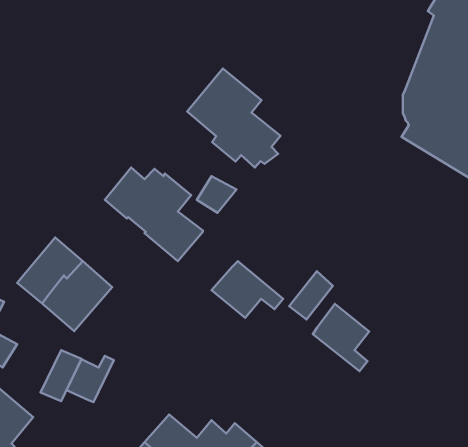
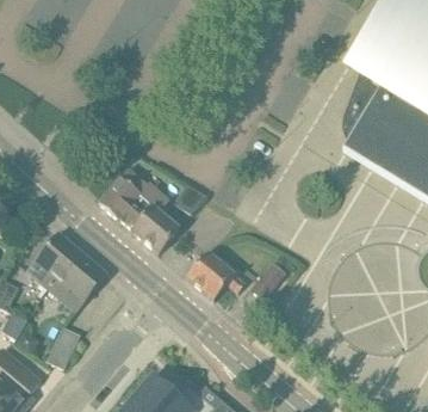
building: [187,69,280,167] -> none
building: [313,304,369,371] -> none
building: [66,356,114,402] -> none

